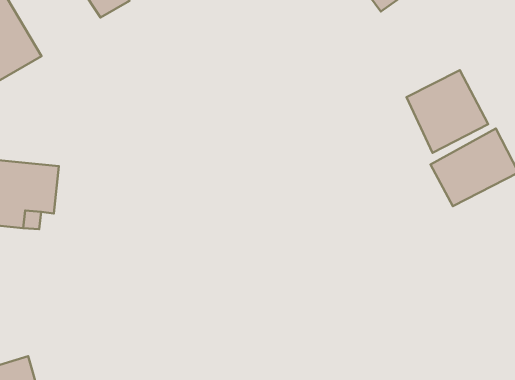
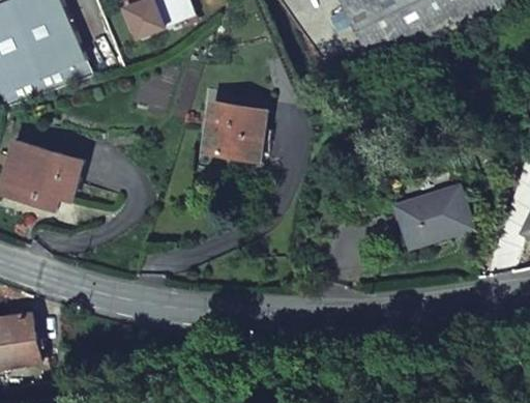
building: [406,70,488,153] -> none
building: none -> [205,95,269,156]

